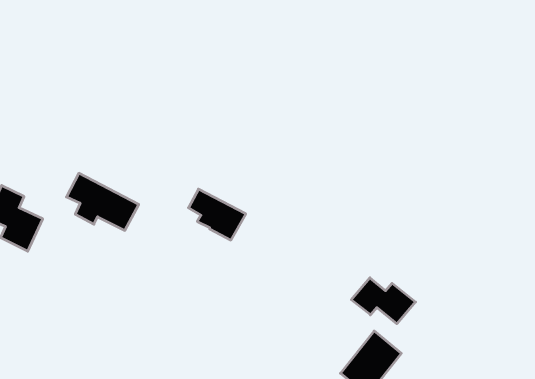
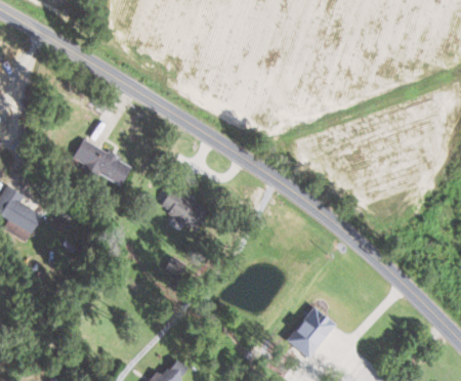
building: [66,173,139,230] -> [73,139,132,186]
building: [351,278,416,324] -> none

